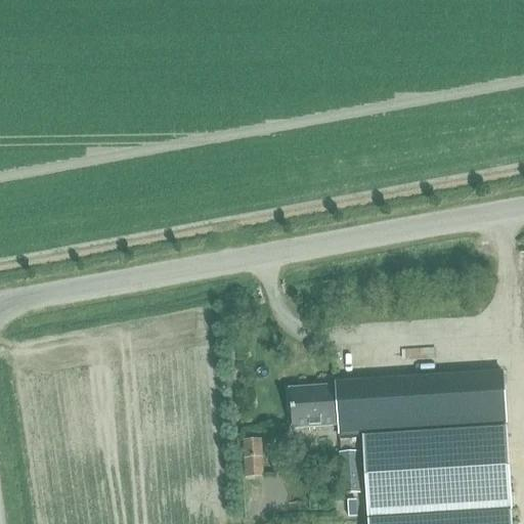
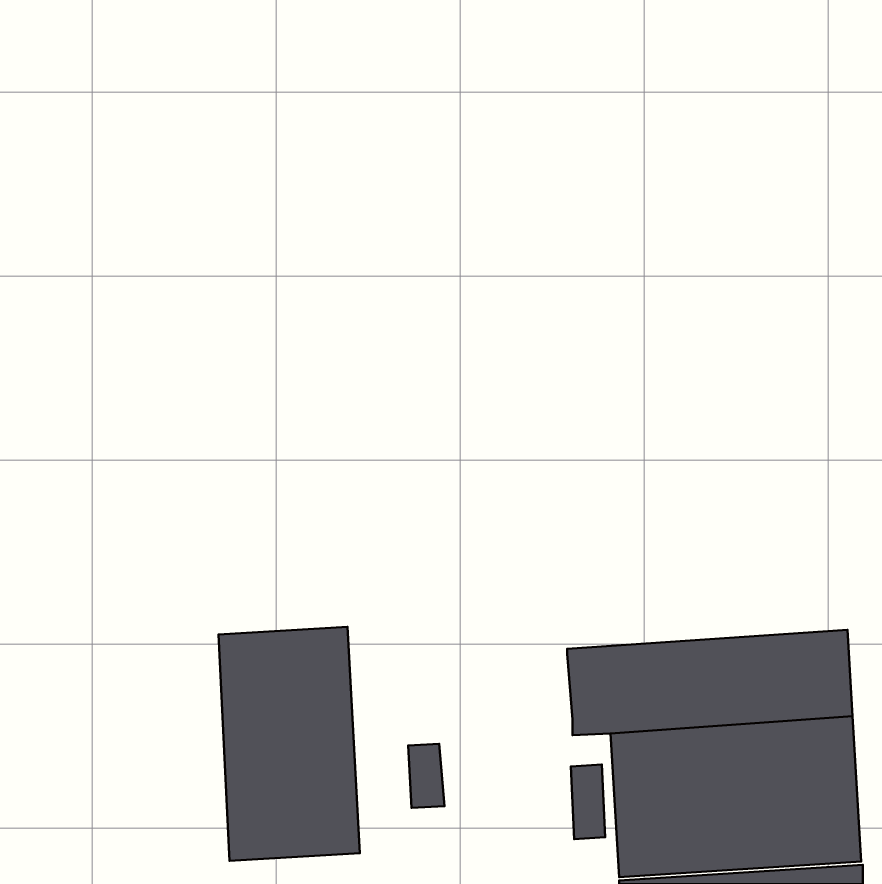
building: none -> [218,627,360,861]
building: [289,387,339,429] -> none

